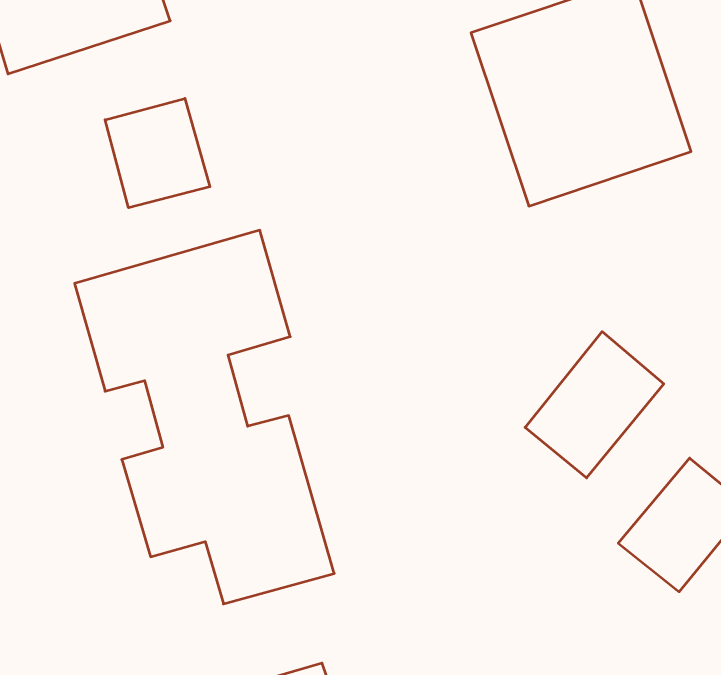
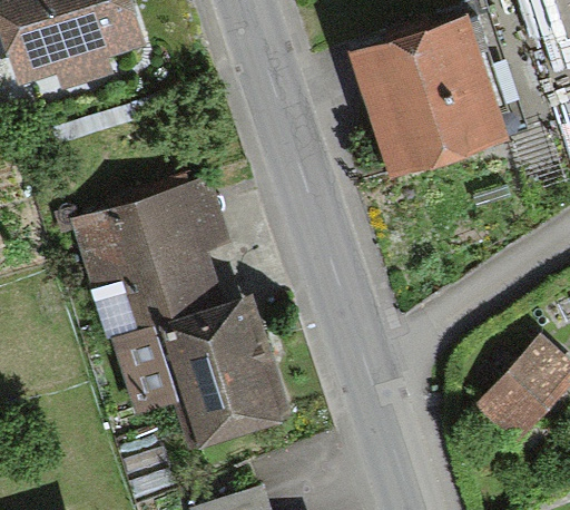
building: [105,98,210,208] -> none
building: [525,332,664,478] -> none

